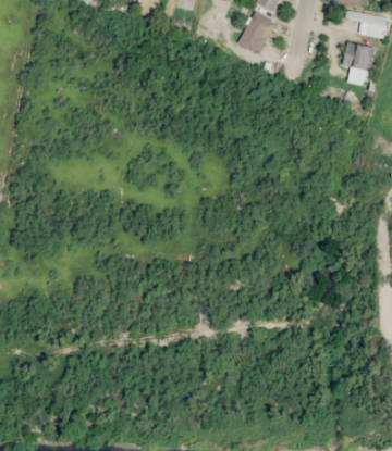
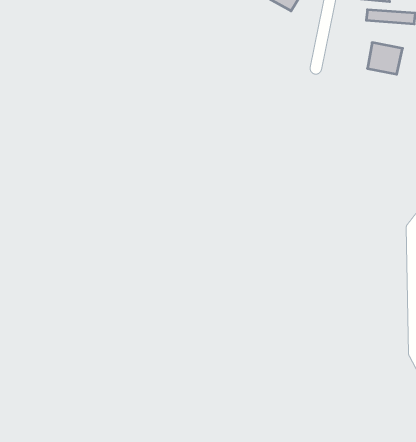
building: [243,14,268,48] -> none

